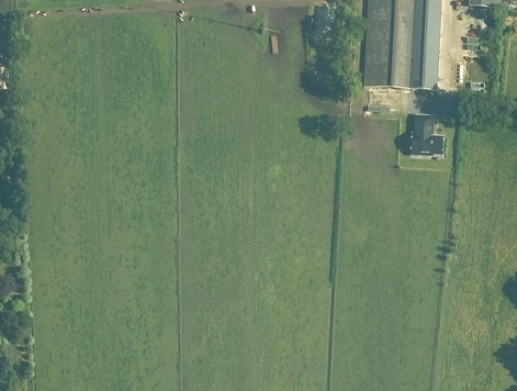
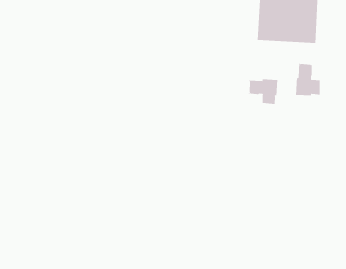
building: none -> [248,79,278,105]

